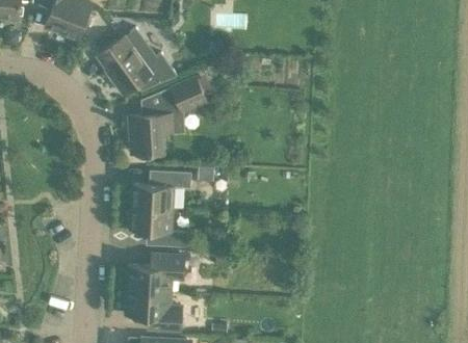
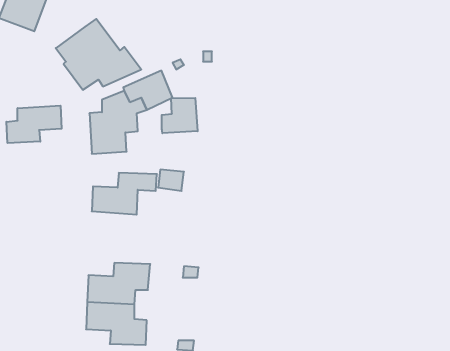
building: none -> [162,98,198,133]
building: none -> [6,106,62,143]
building: [130,206,188,246] -> none

